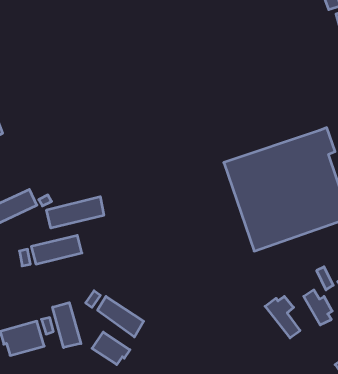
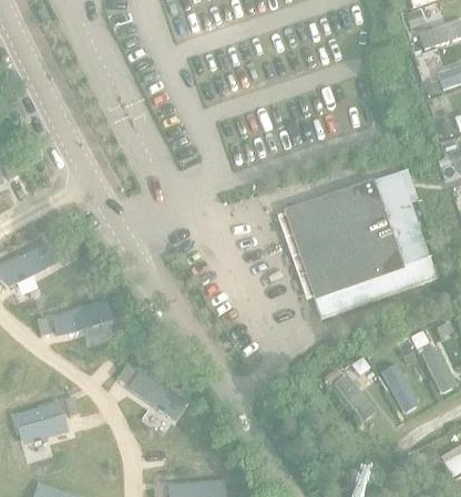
building: [47,197,104,228] -> none
building: [53,303,81,348] -> none
building: [92,332,130,365] -> none

